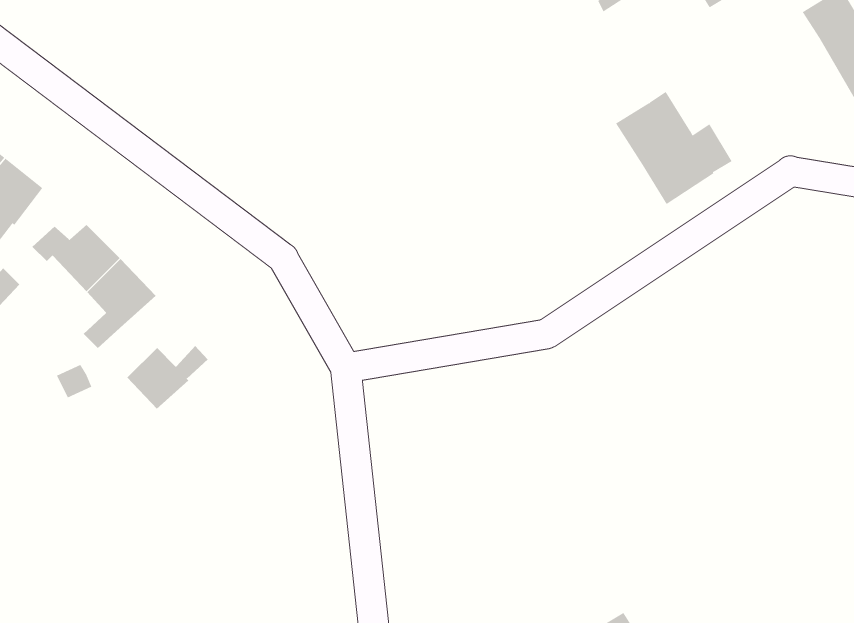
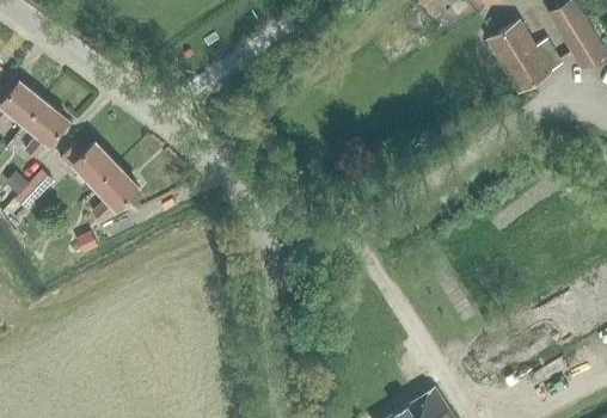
building: [615,91,733,205] -> [486,20,560,92]
building: [127,345,208,409] -> none

